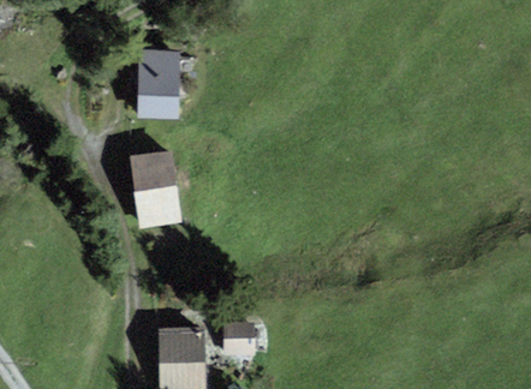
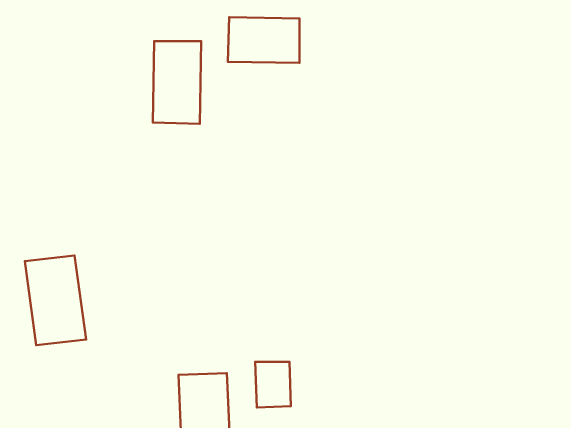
building: none -> [228,17,300,63]
building: [130,150,181,226] -> [25,256,86,345]

